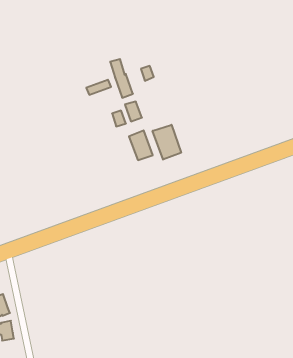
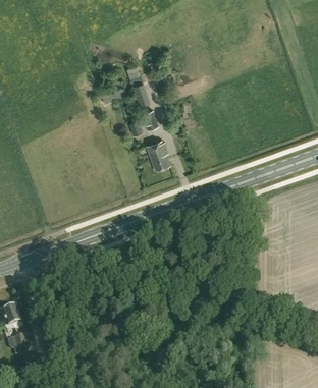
building: [153,125,181,160] -> none

